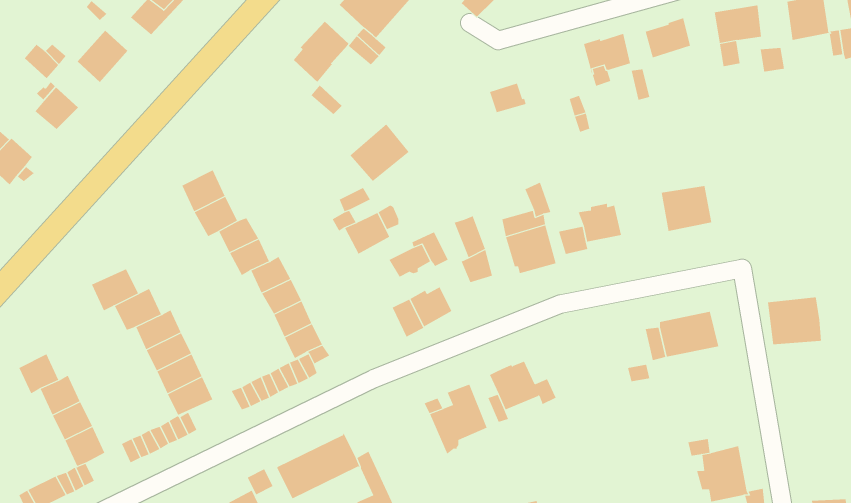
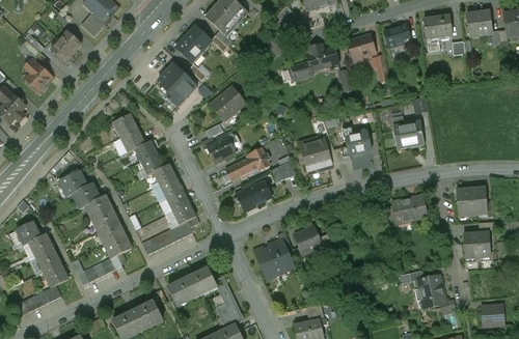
building: none -> [307,46,339,70]
building: none -> [159,62,197,106]
building: none -> [463,231,491,261]

